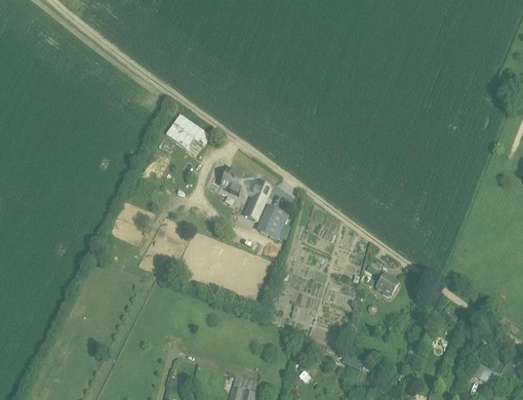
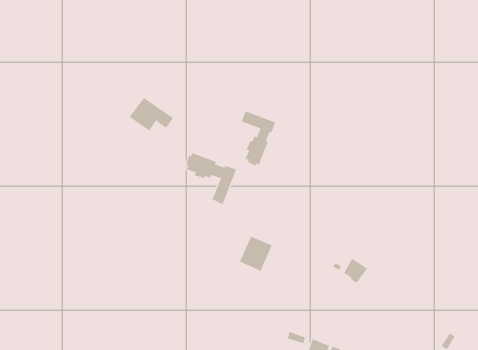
building: none -> [241,110,276,166]
building: [255,204,288,239] -> [239,236,273,271]

